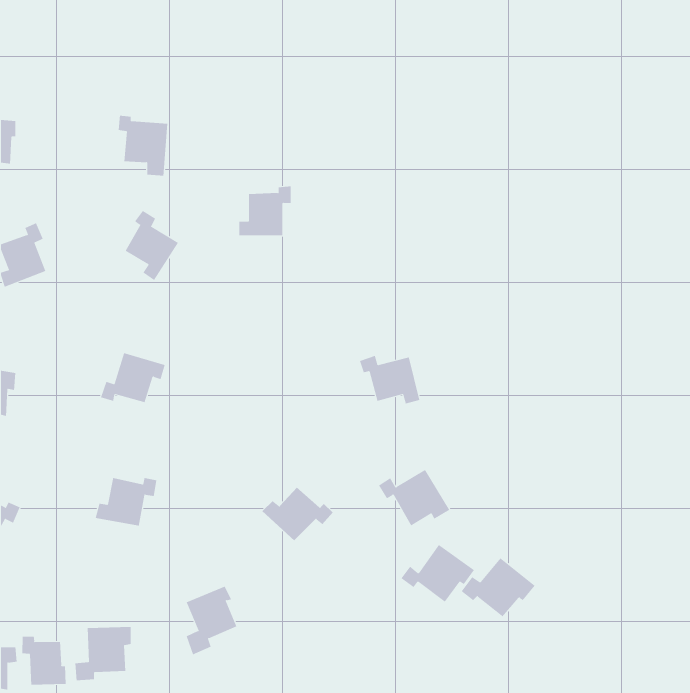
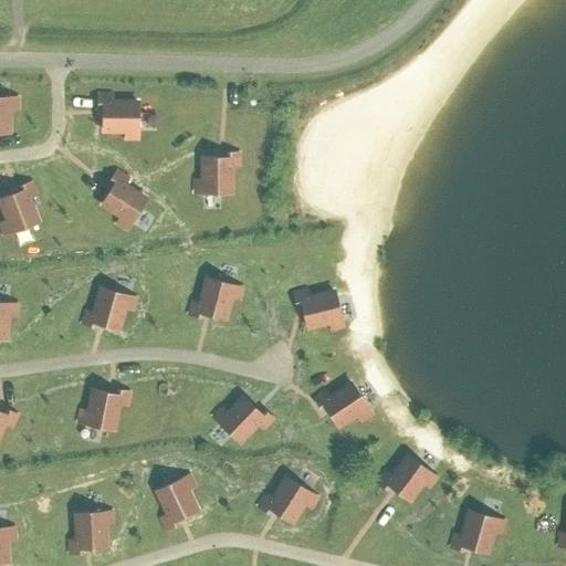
building: none -> [185,277,239,321]
building: [400,544,475,603] -> [254,476,315,524]
building: none -> [450,510,507,553]
building: [22,636,66,686] -> none

